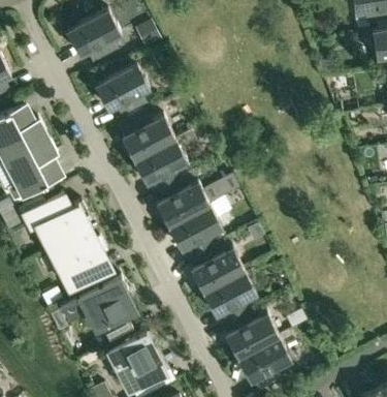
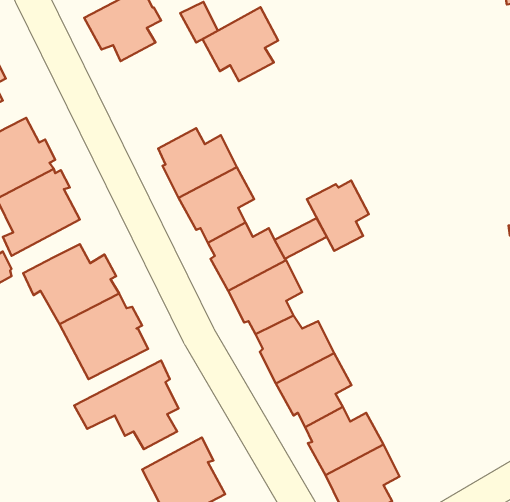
building: [96,65,150,118] -> [203,7,278,81]
building: none -> [307,180,369,251]

